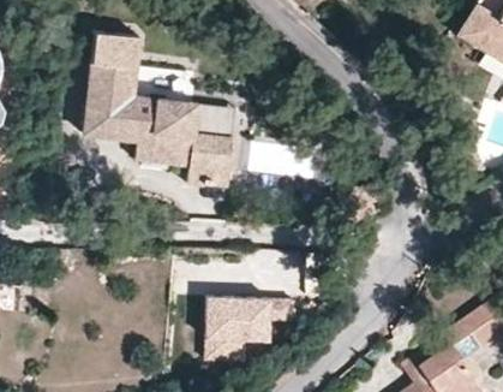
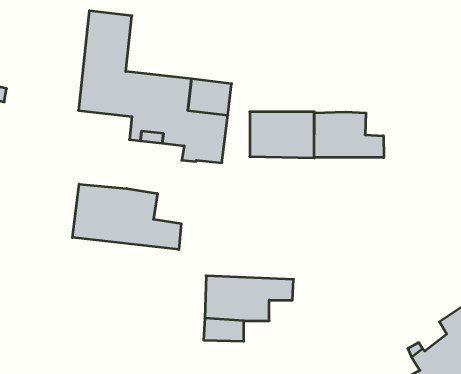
building: none -> [314,112,384,158]
building: none -> [72,184,181,250]

